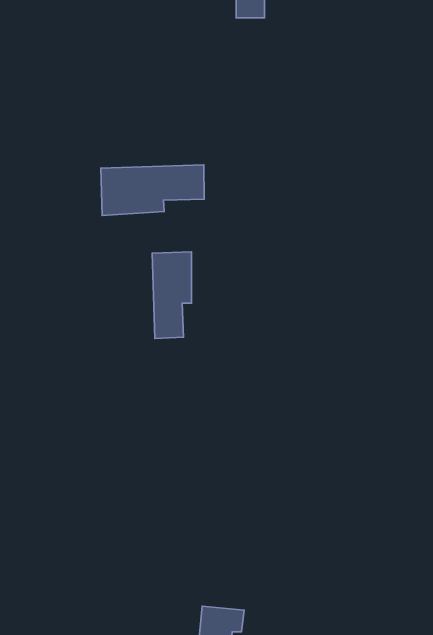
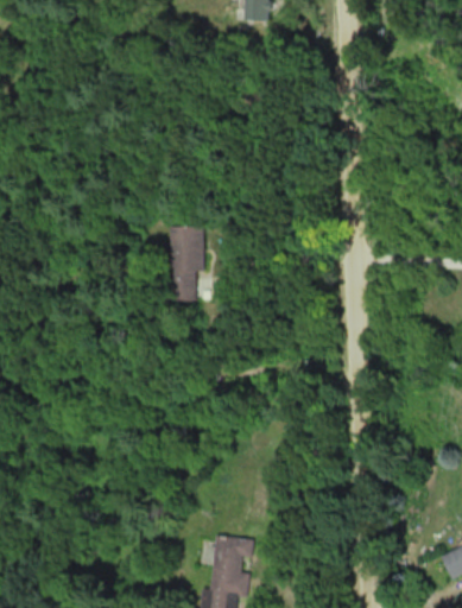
building: [101,165,204,216] -> none

